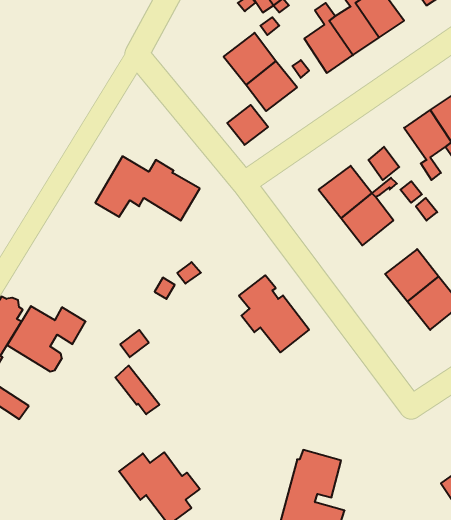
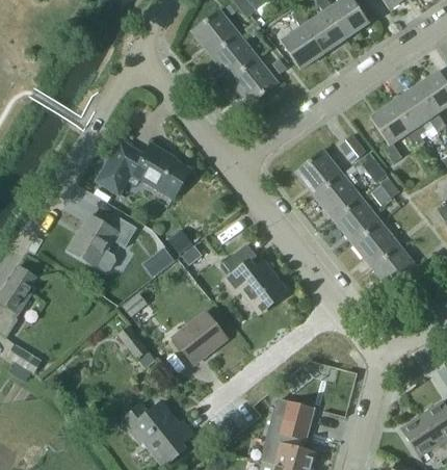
building: none -> [192,9,238,54]
building: [227,105,268,145] -> none
building: none -> [333,198,380,244]
building: [7,306,86,371] -> [67,213,135,270]
building: none -> [170,311,225,364]

